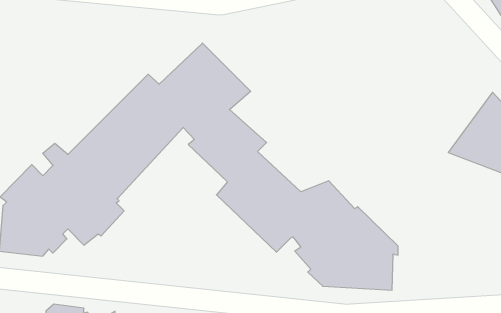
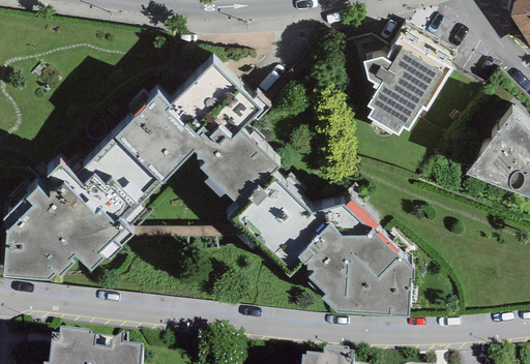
building: none -> [363,33,453,132]

